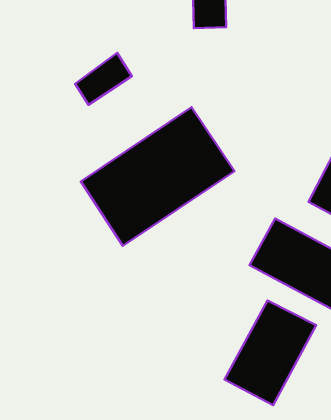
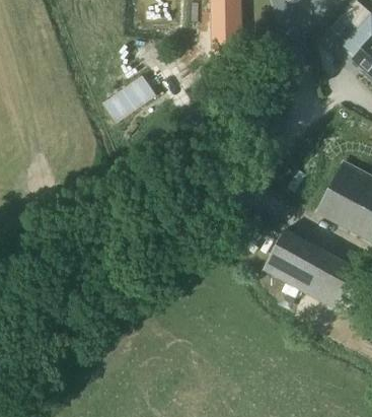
building: [81,107,235,246] -> none
building: [225,301,316,405] -> none

